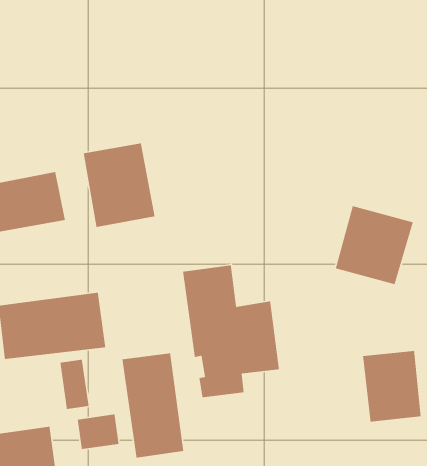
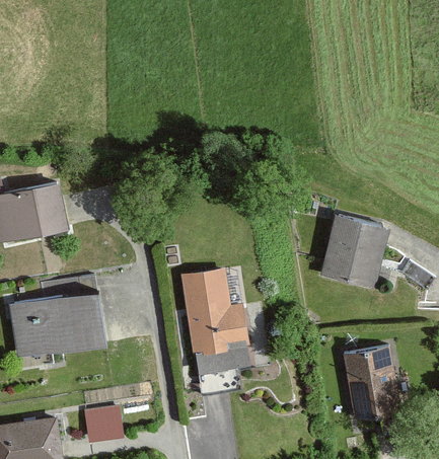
building: [83,142,156,228] -> none
building: [122,353,184,458] -> none
building: [59,359,89,410] -> none

